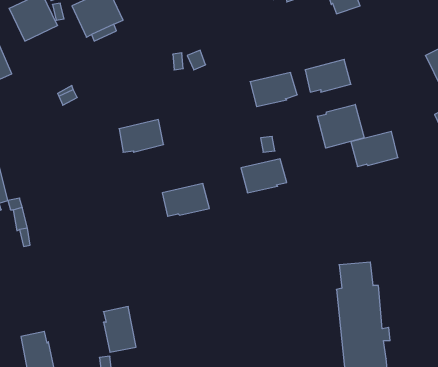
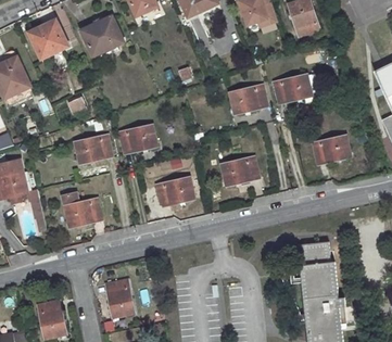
building: [317,104,364,148] -> none
building: none -> [74,135,112,163]
building: none -> [61,192,101,227]

